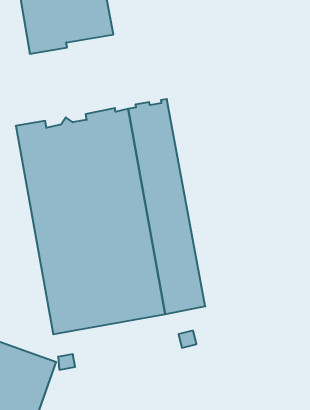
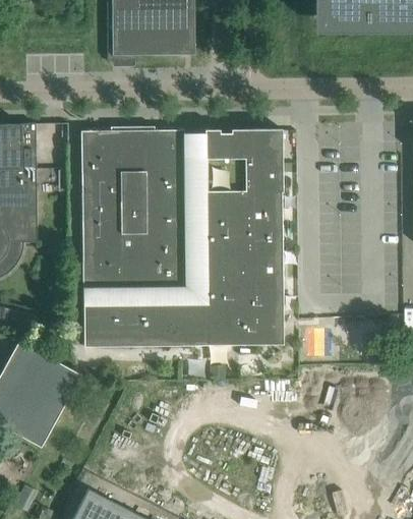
building: none -> [237,128,283,344]

